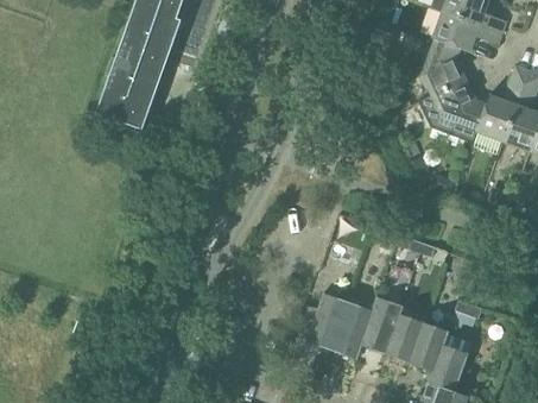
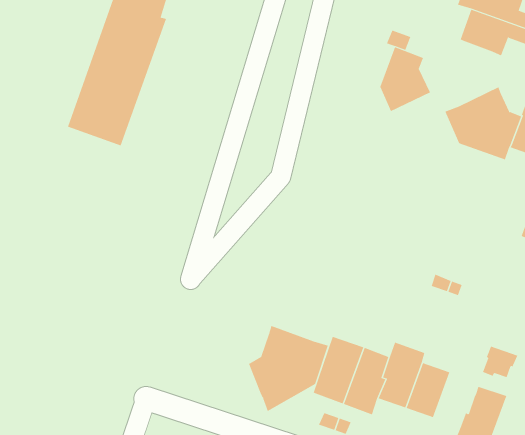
building: [422,39,466,95] -> [379,47,431,112]
building: none -> [248,325,329,412]
building: [410,323,449,371] -> none

